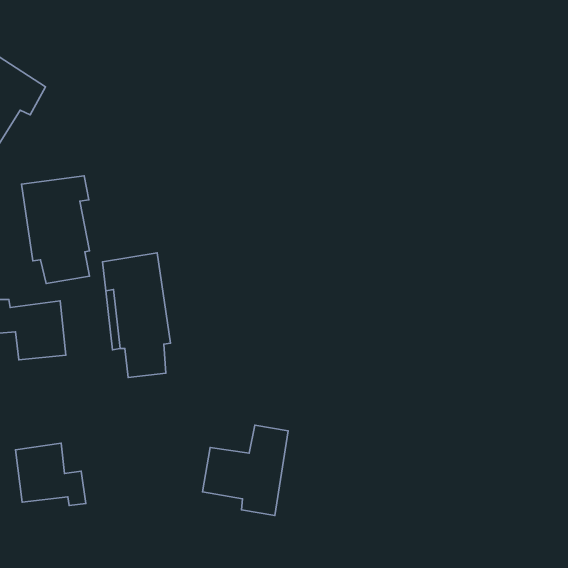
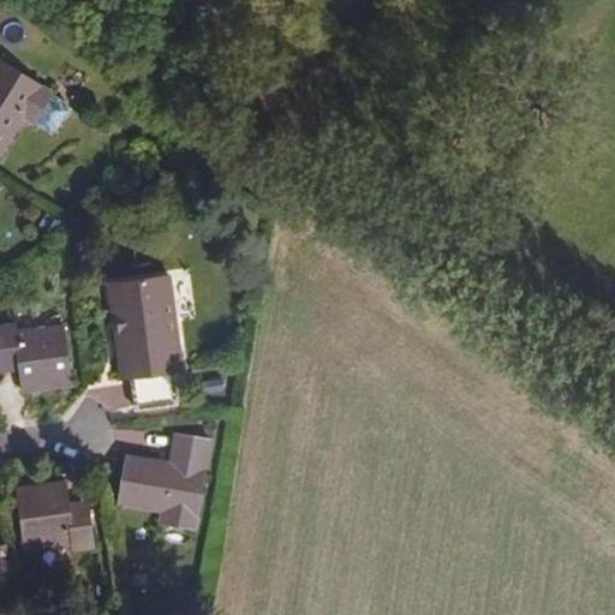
building: [21,176,90,284] -> none
building: [202,425,288,515] -> [117,432,209,530]

